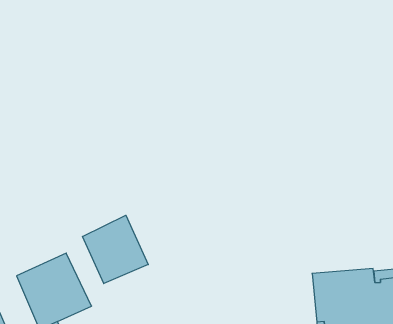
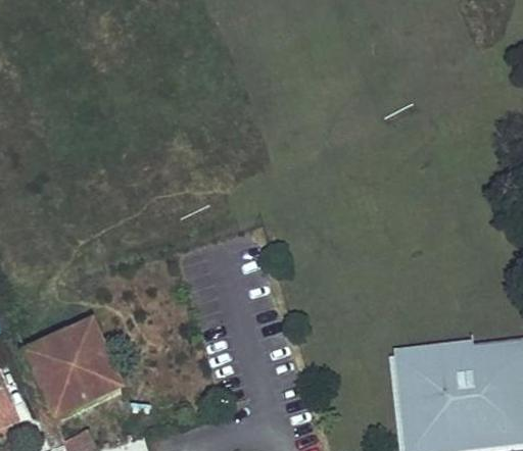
building: [83,215,148,284] -> none

